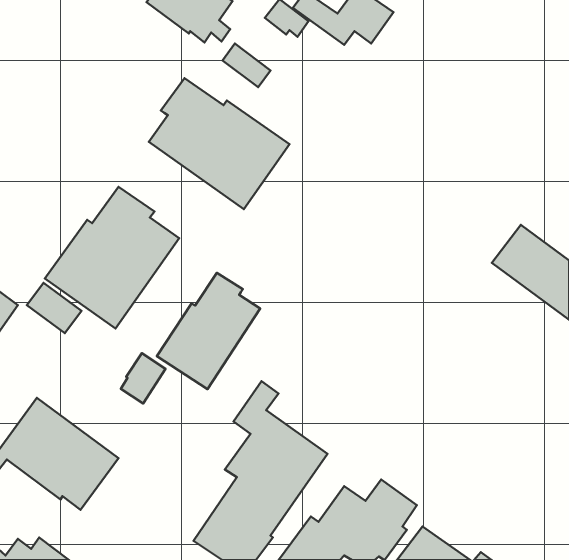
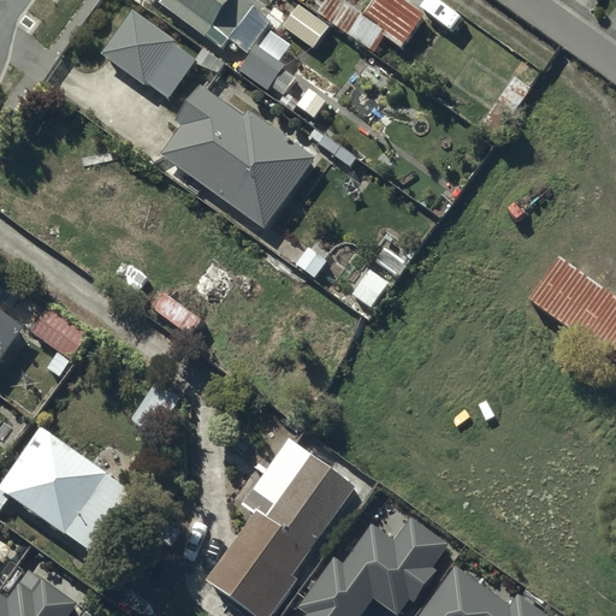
building: none -> [101,11,194,95]
building: [45,187,179,328] -> none
building: [157,273,260,389] -> none

